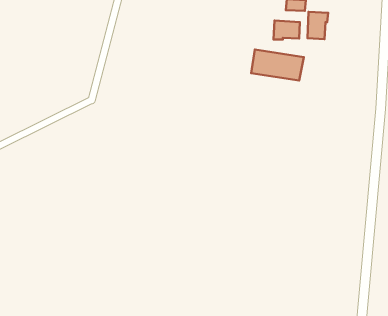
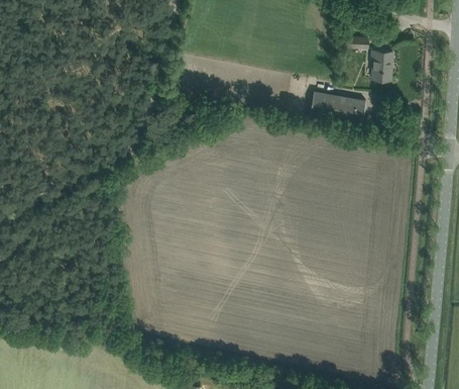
building: [274,21,300,40] -> none

